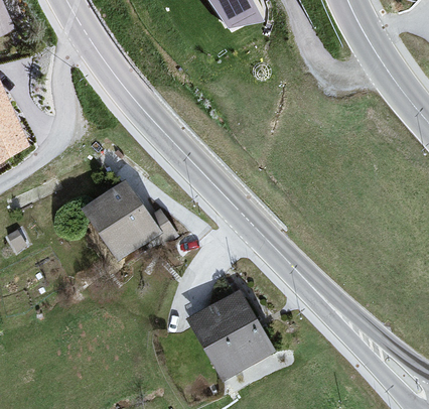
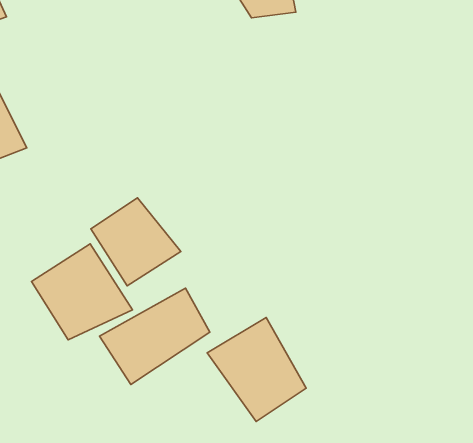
building: none -> [31,244,133,340]
building: none -> [100,288,210,385]

